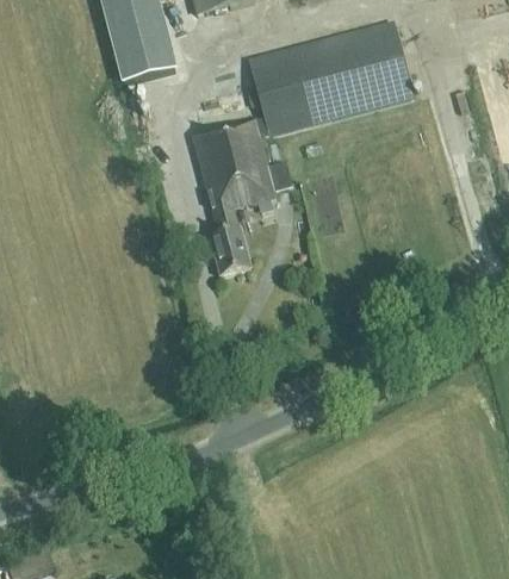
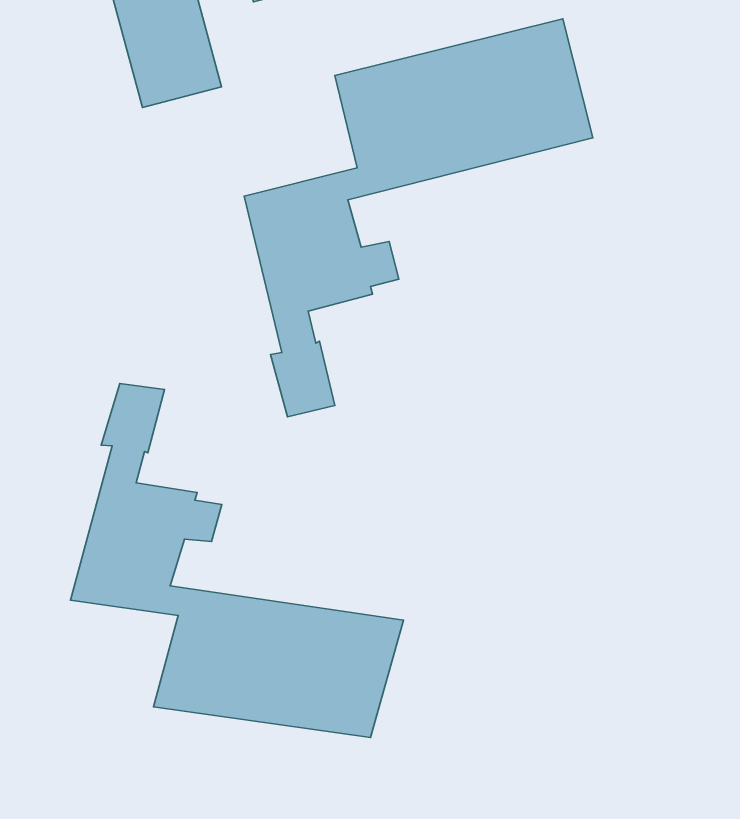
building: none -> [71,384,404,738]

